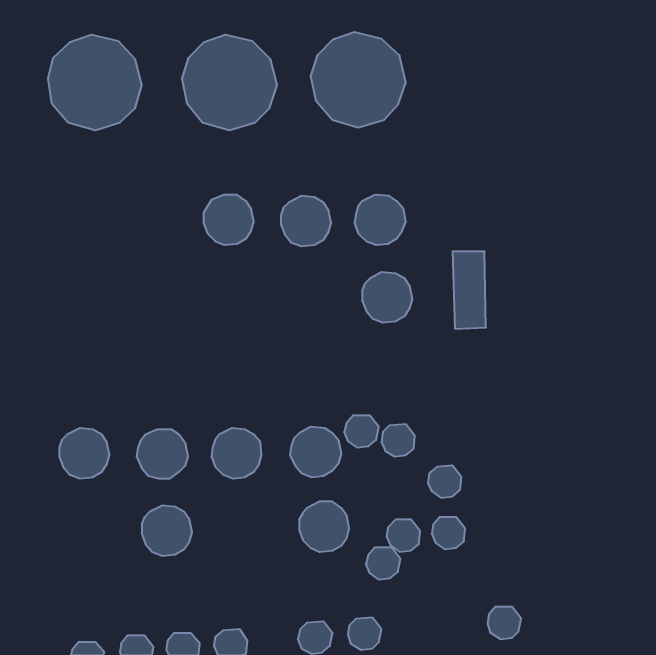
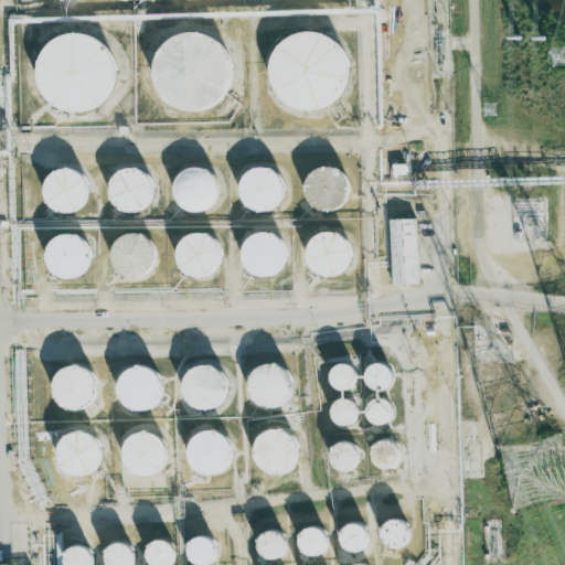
building: none -> [43,168,86,211]
building: none -> [108,168,151,211]
building: none -> [109,233,152,276]
building: none -> [175,233,220,276]
building: none -> [238,233,281,276]
building: none -> [45,234,88,277]
building: [344,415,379,448] -> [329,398,359,426]
building: none -> [362,362,392,390]
building: none -> [186,431,230,475]
building: none -> [55,435,99,478]
building: [366,547,400,580] -> [339,524,369,552]
building: [488,607,521,639] -> [379,522,407,550]

